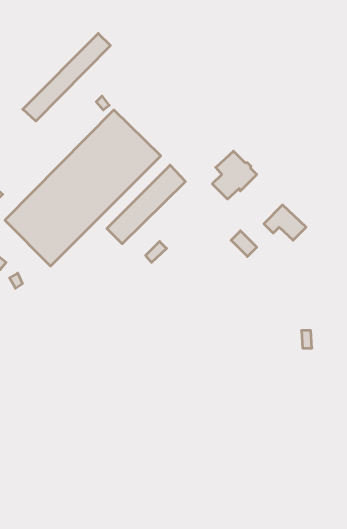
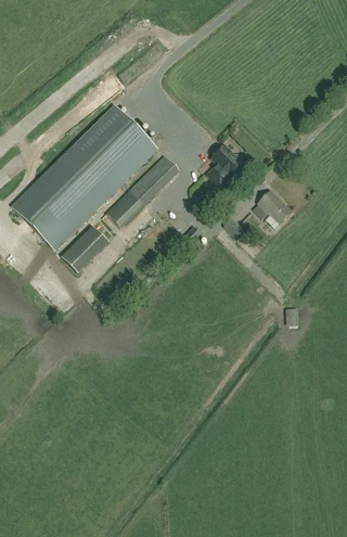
building: [23,33,110,121] -> none
building: none -> [61,225,108,272]

